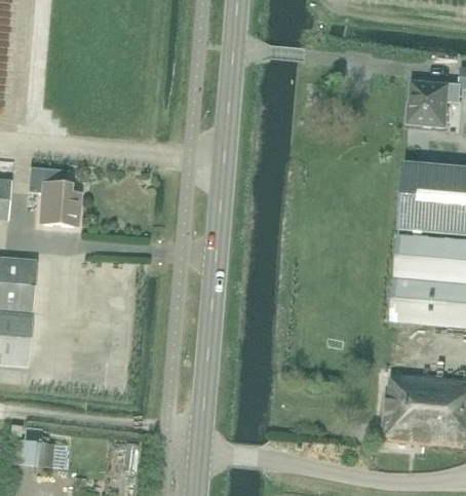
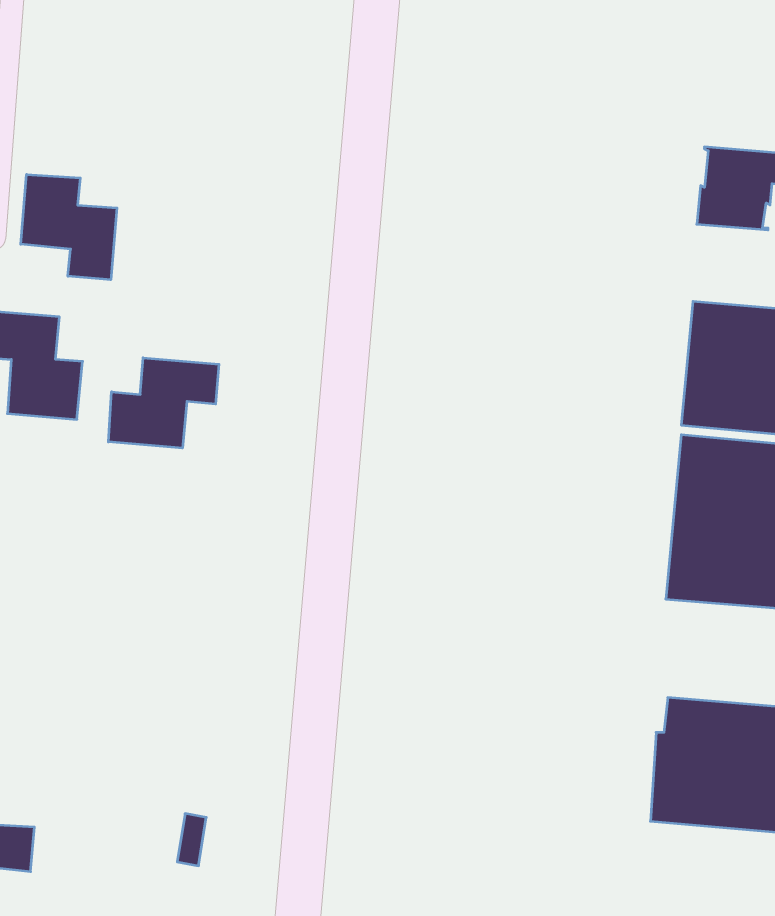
building: none -> [21,174,117,280]
building: none -> [108,358,219,448]

